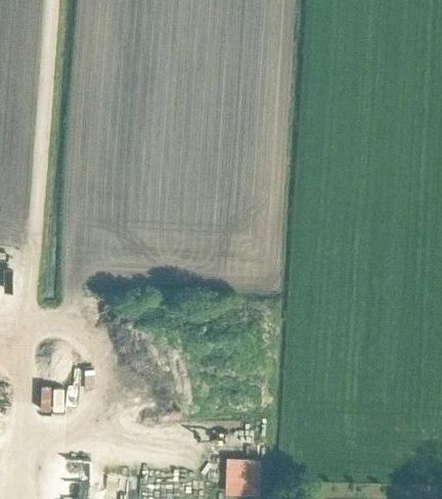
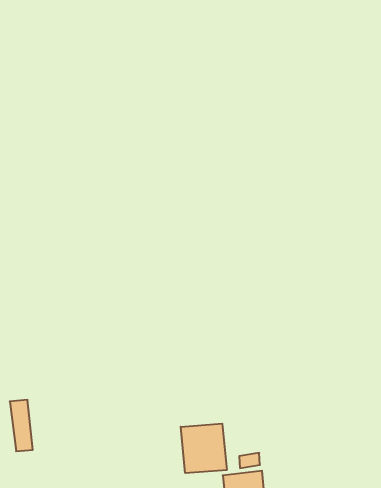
building: none -> [181,424,227,473]

